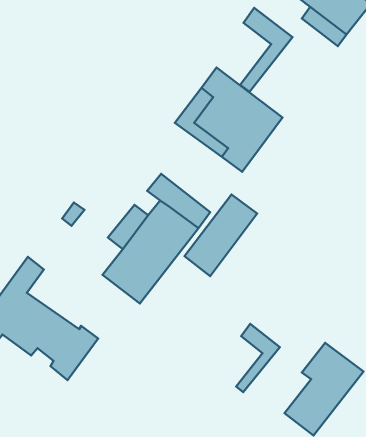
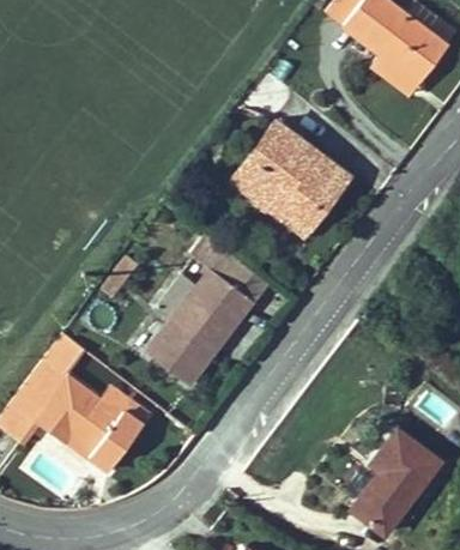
building: [240,8,293,92] -> none
building: [184,195,257,276] -> none
building: [236,324,280,392] -> none

